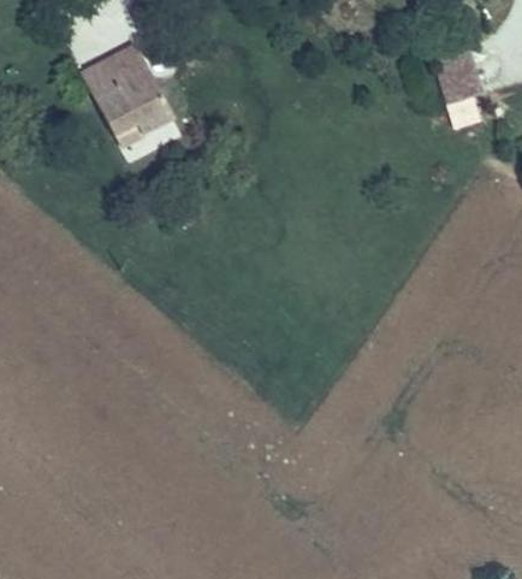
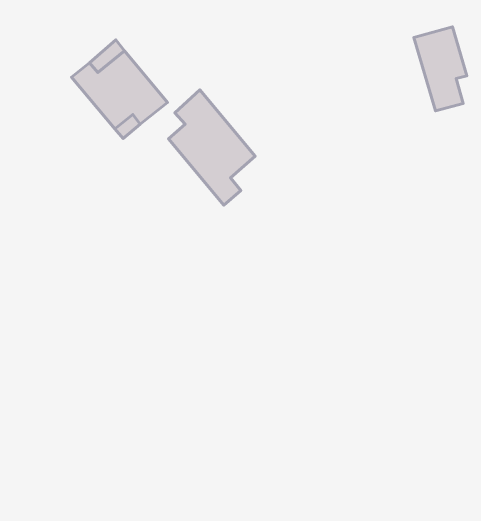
building: none -> [168,90,255,205]

